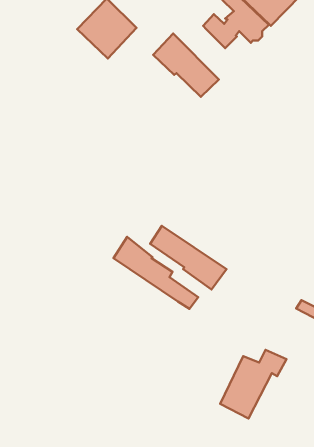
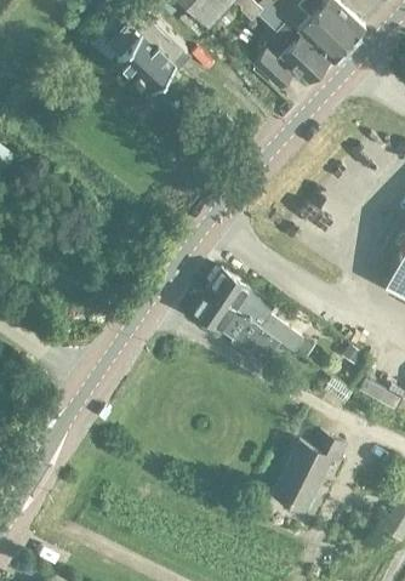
building: [153,34,219,97] -> none
building: [113,237,198,309] -> [205,268,302,351]

